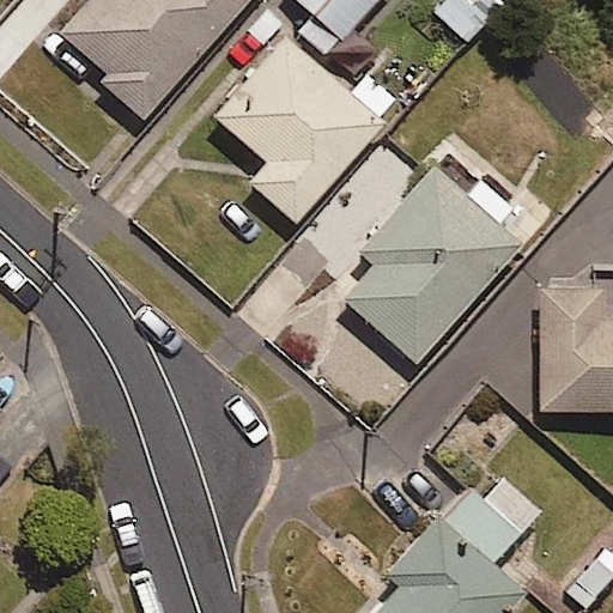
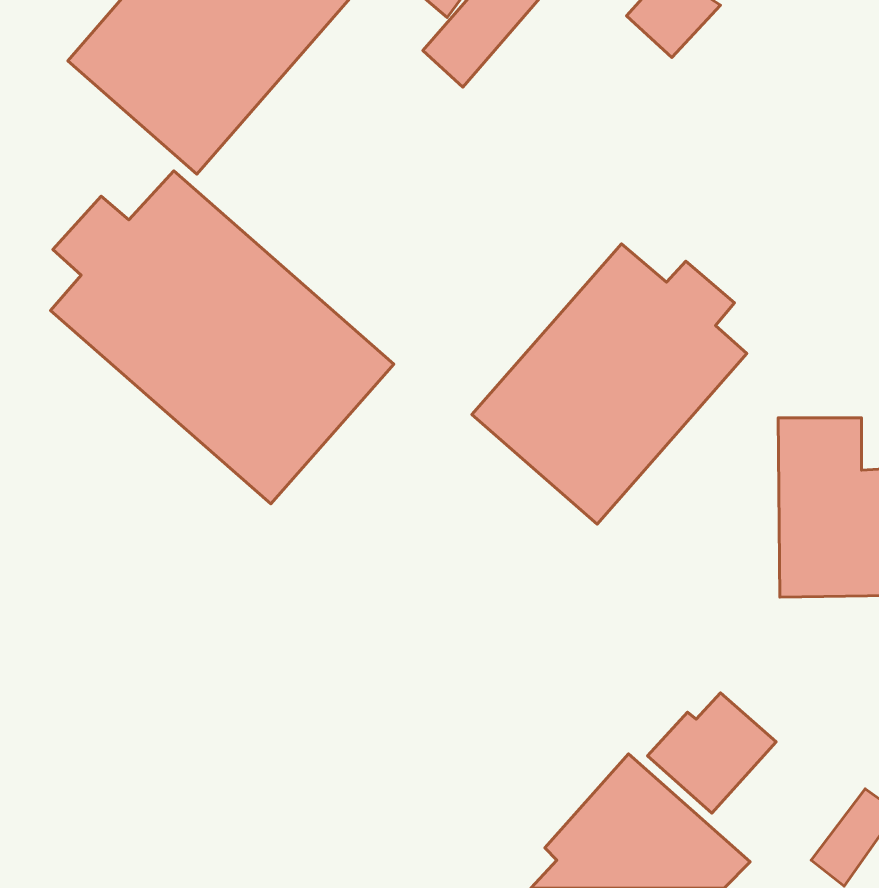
building: [216,36,395,221] -> none
building: none -> [51,171,394,504]

